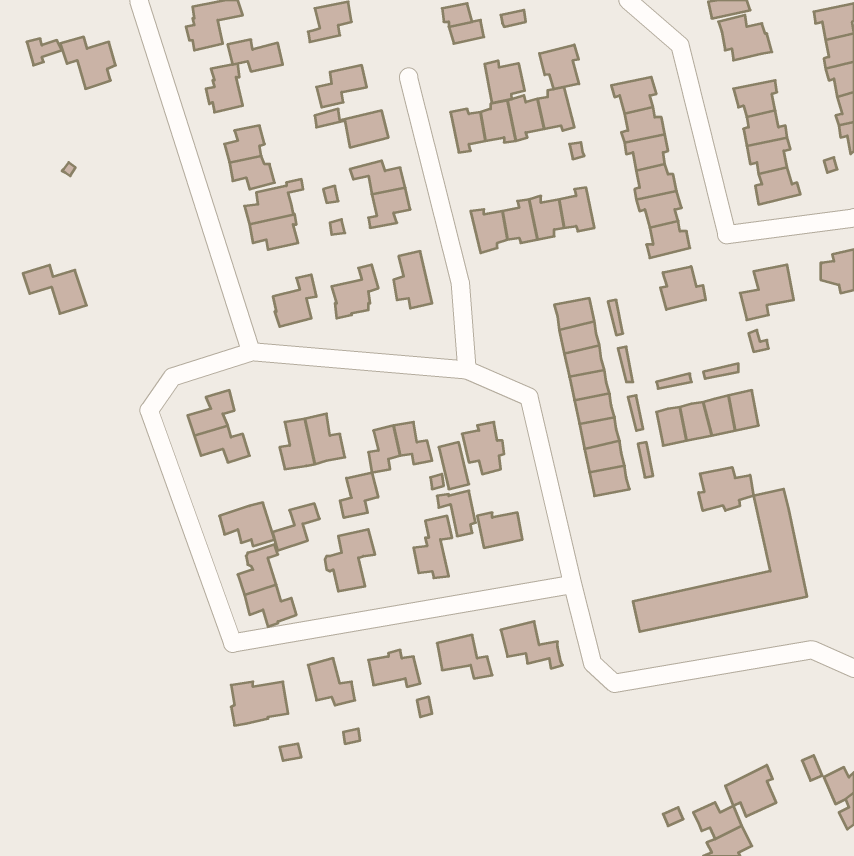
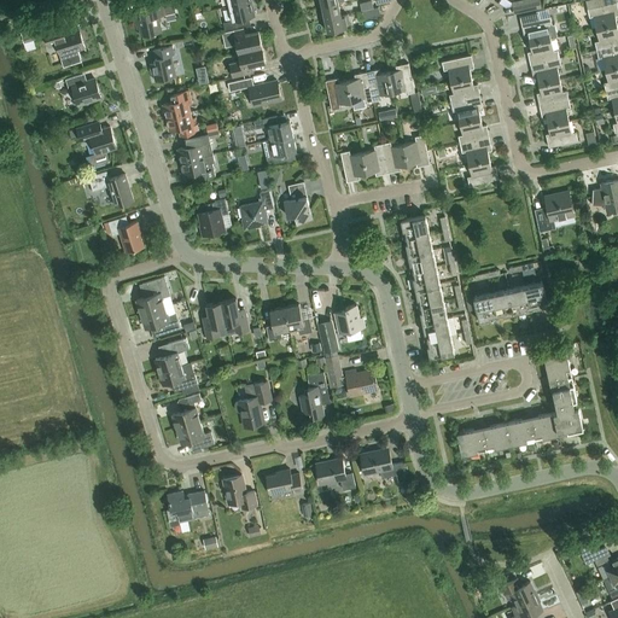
building: [228,40,283,71] -> [221,29,261,52]
building: [539,45,579,89] -> none
building: none -> [526,39,559,64]
building: [485,61,525,103] -> none
building: none -> [64,72,100,105]
building: none -> [75,121,116,167]
building: [23,265,87,314] -> [87,170,133,205]
building: [660,266,706,310] -> none
building: none -> [103,216,144,252]
building: [699,467,754,511] -> none
building: [340,472,378,518] -> none
building: [273,504,320,551] -> [154,338,188,372]
building: [725,765,776,817] -> none

